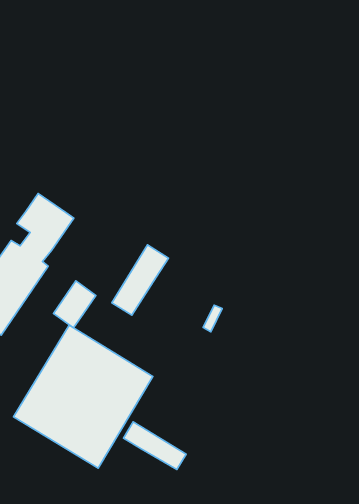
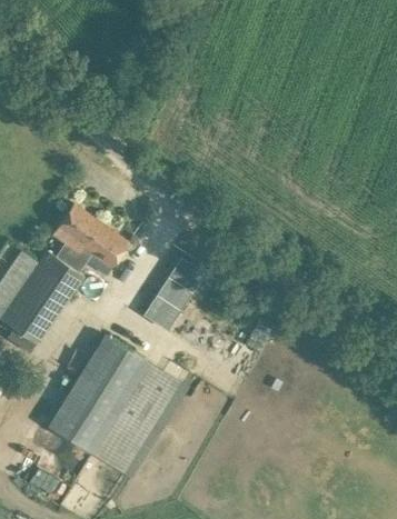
building: [54,281,96,328] -> [86,228,128,275]
building: [123,422,186,470] -> none

